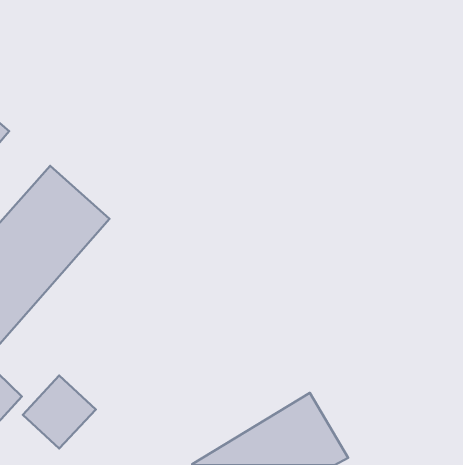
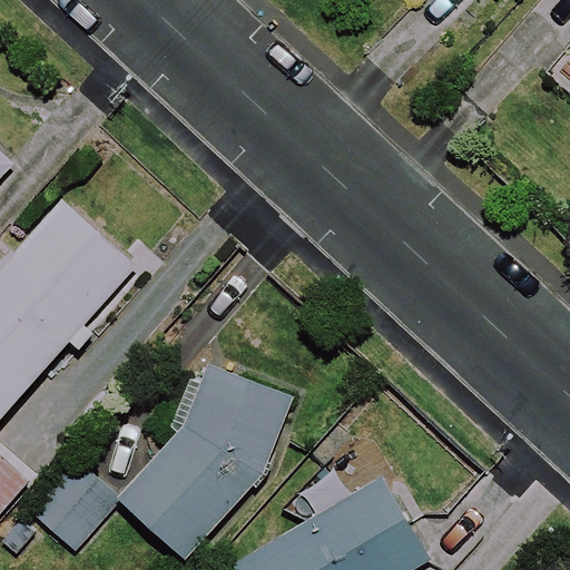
building: none -> [119,364,292,557]

